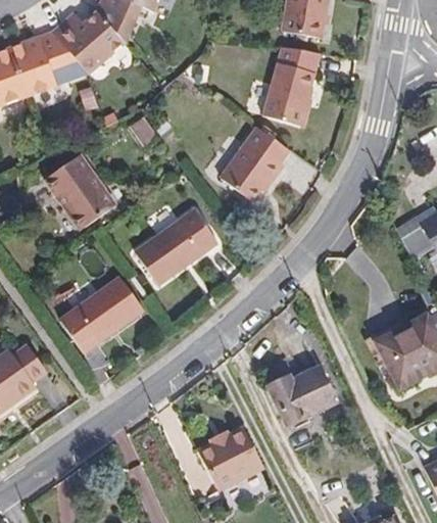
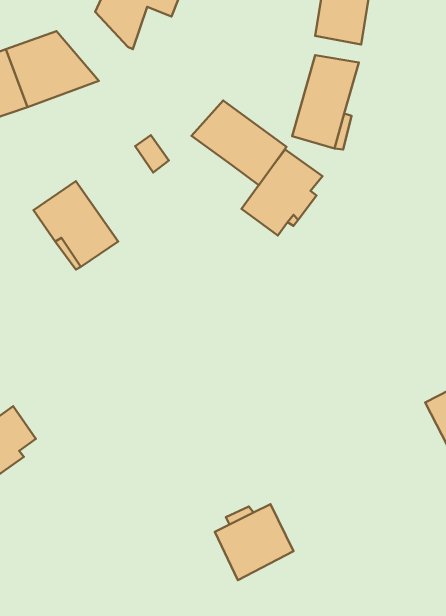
building: [64,10,125,68] -> none
building: none -> [192,100,287,185]
building: [136,209,217,283] -> none
building: [61,276,144,351] -> none
building: [269,366,337,425] -> none

